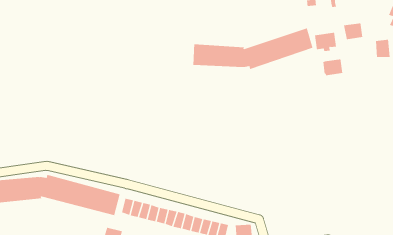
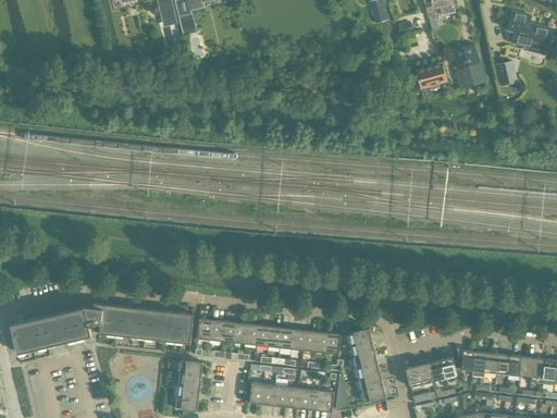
building: [193,28,313,70] -> none
building: [322,59,343,76] -> [456,63,485,88]

